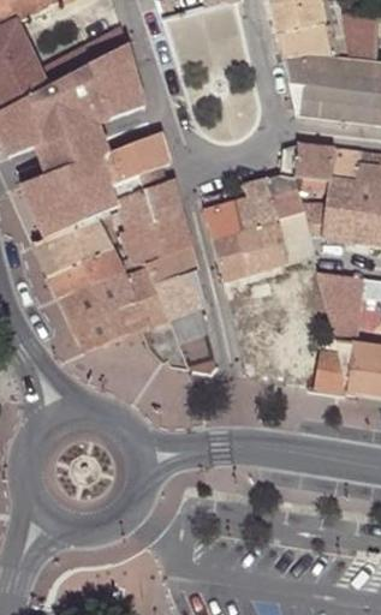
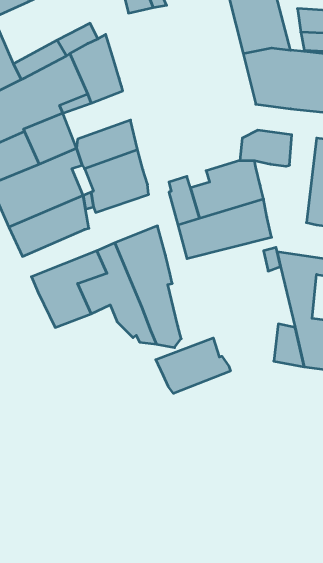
building: [300,145,361,239] -> none
building: [47,209,191,297] -> none
building: none -> [156,338,230,393]

